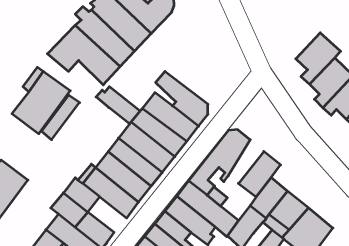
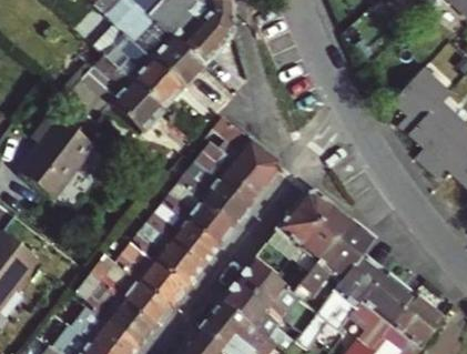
building: [96,87,140,124] -> none
building: none -> [304,206,351,264]
building: none -> [120,282,171,328]

